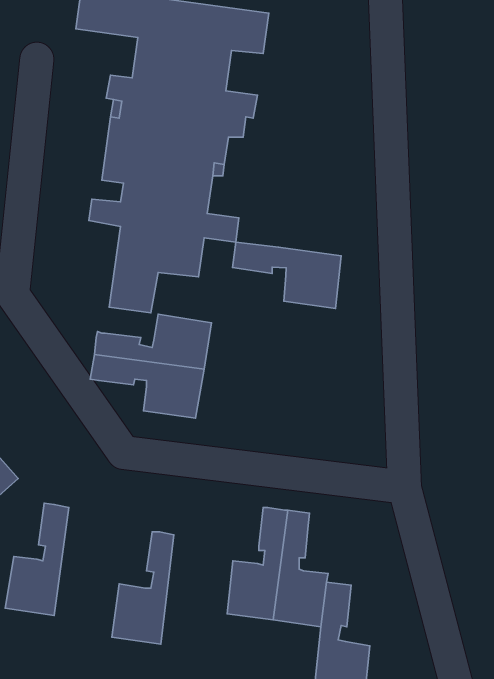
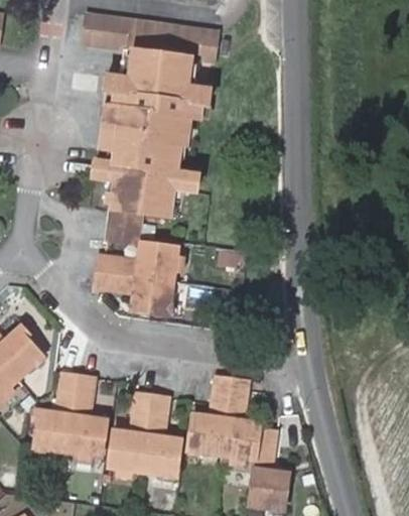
building: [233,242,341,309] -> none
building: none -> [69,377,107,458]
building: none -> [143,396,180,477]

